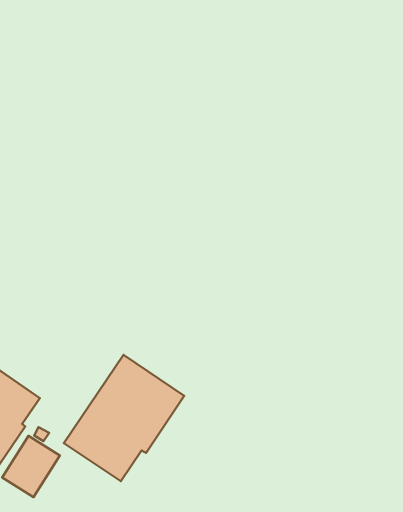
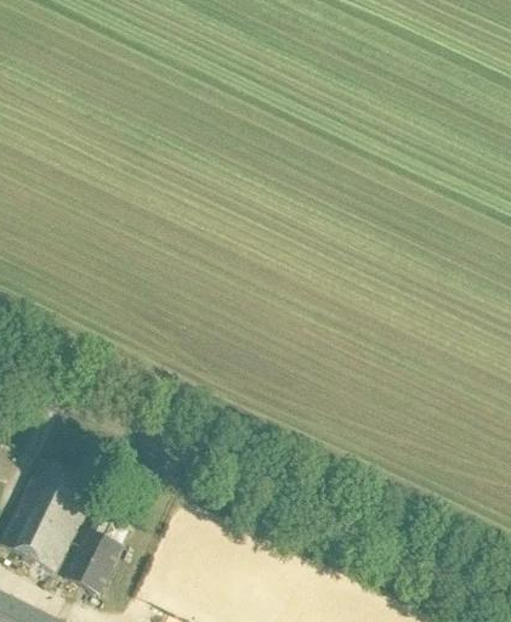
building: [64,355,184,481] -> none

